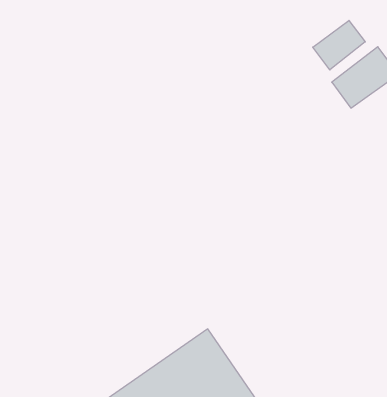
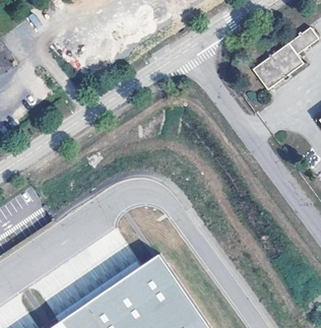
building: [313,20,365,70] -> none

